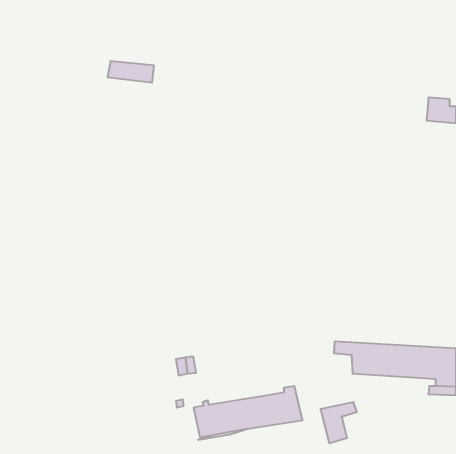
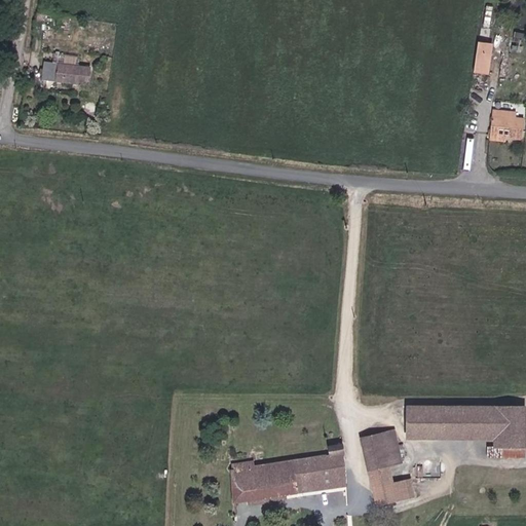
building: none -> [476,43,494,76]
building: [108,61,154,83] -> [42,61,96,85]
building: none -> [360,430,411,475]

